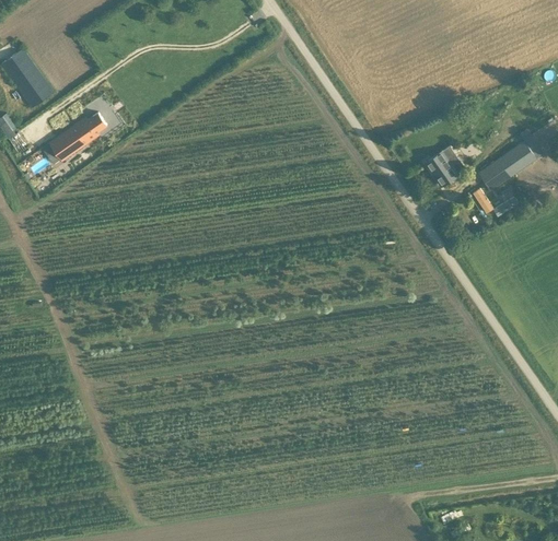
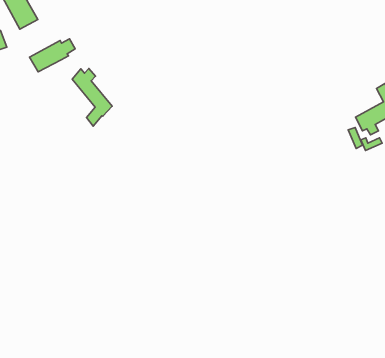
building: none -> [72,68,112,126]
building: [428,151,460,187] -> none

